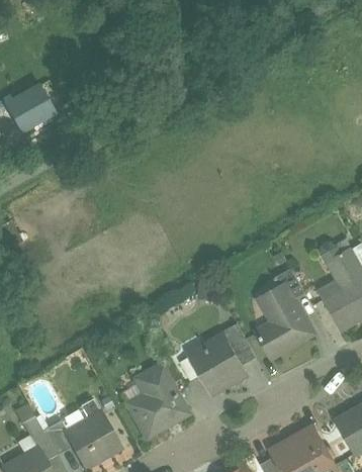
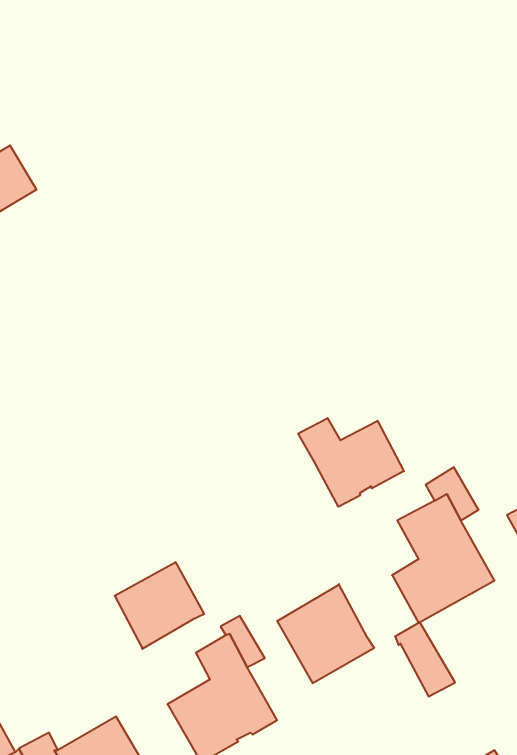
building: none -> [298,418,404,507]
building: none -> [115,562,204,649]
building: [221,323,256,366] -> [395,622,455,697]

